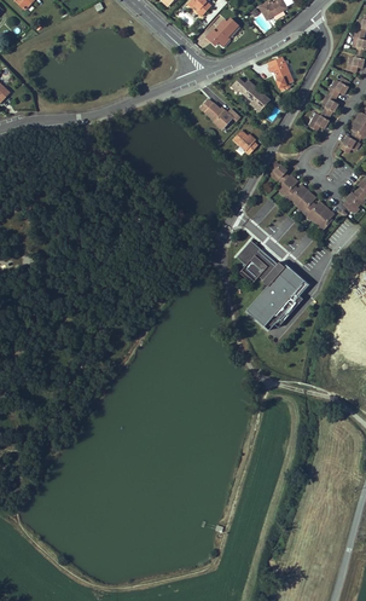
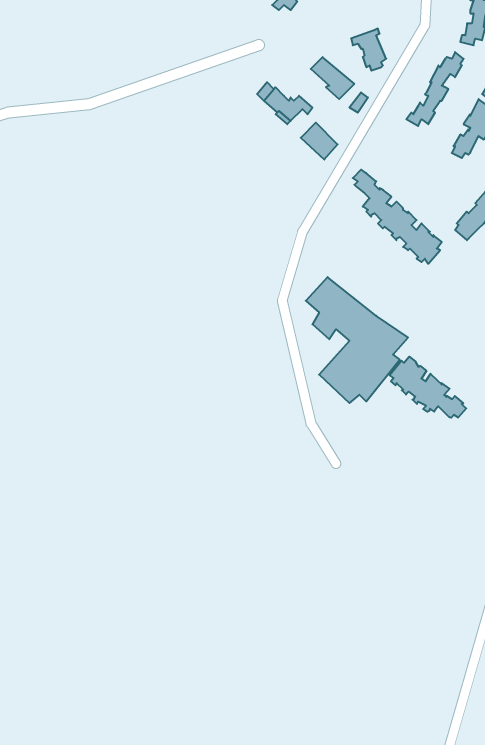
building: none -> [390,357,466,418]

